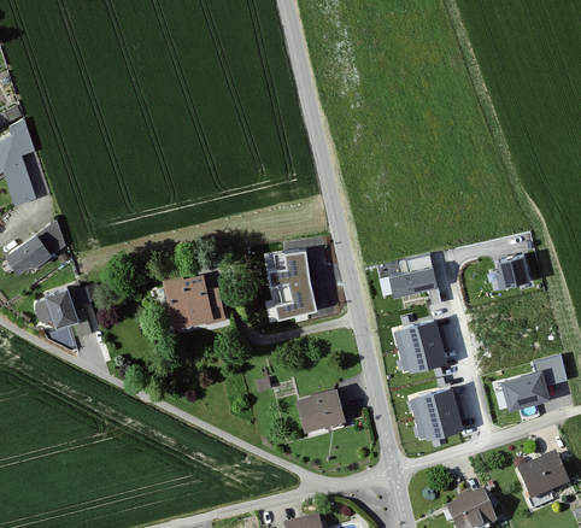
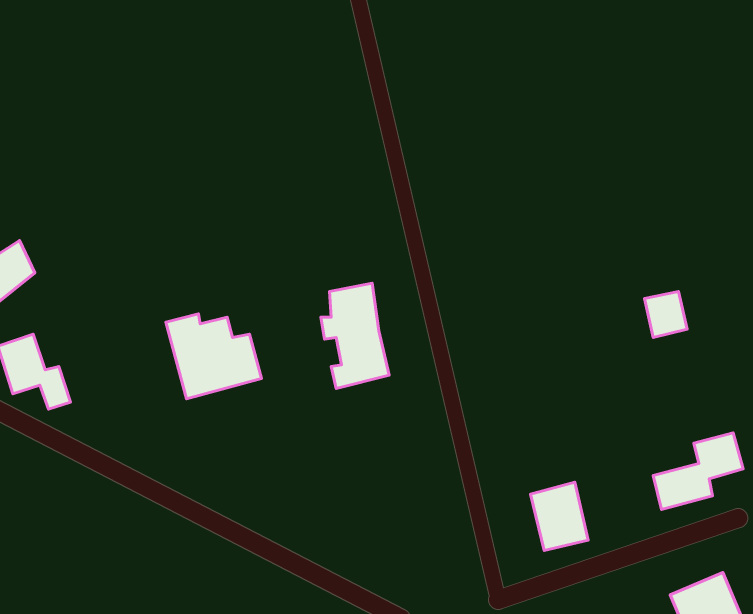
building: [391,256,438,297] -> none
building: [398,322,441,371] -> none
building: [294,386,344,430] -> none

